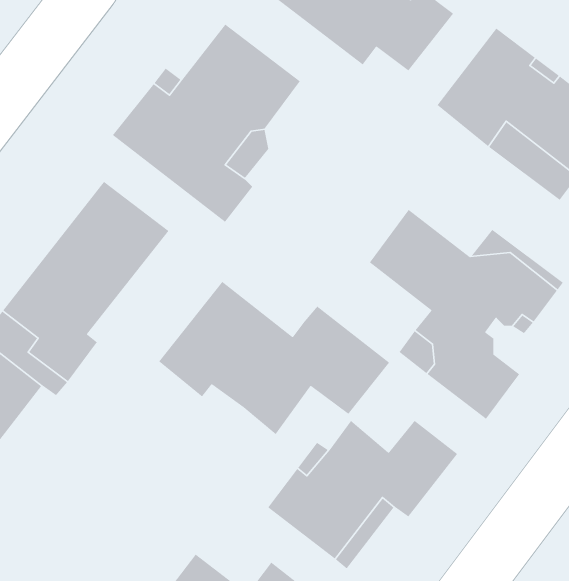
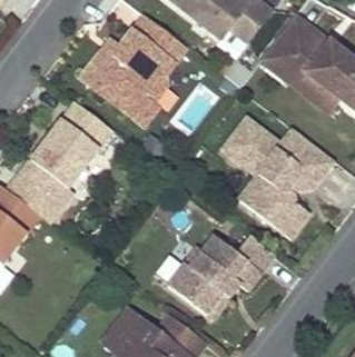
building: [158,281,390,435] -> none

